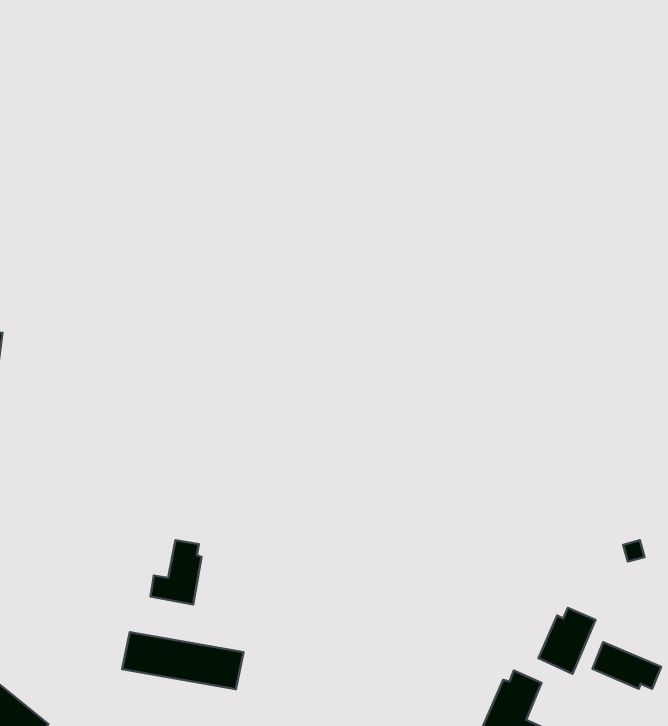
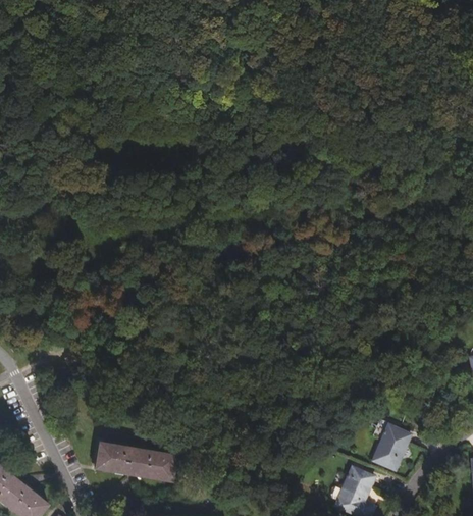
building: [151,540,202,604] -> none
building: [593,642,661,689] -> none

